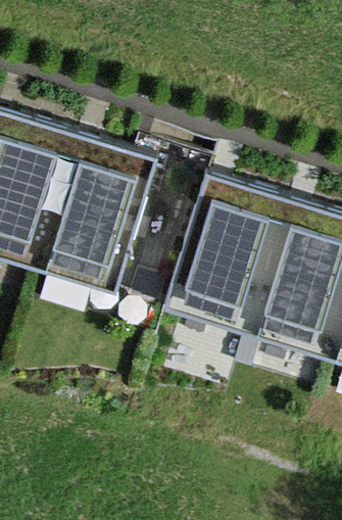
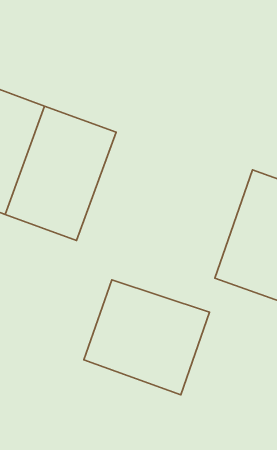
building: [177,196,290,336] -> none
building: none -> [84,280,209,395]

